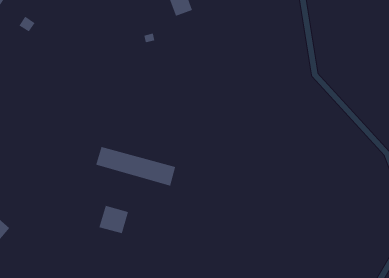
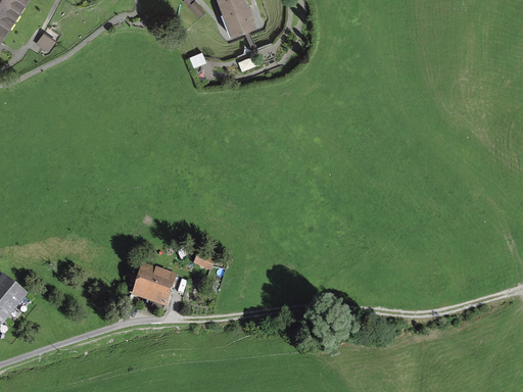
building: [95,146,176,187] -> none

